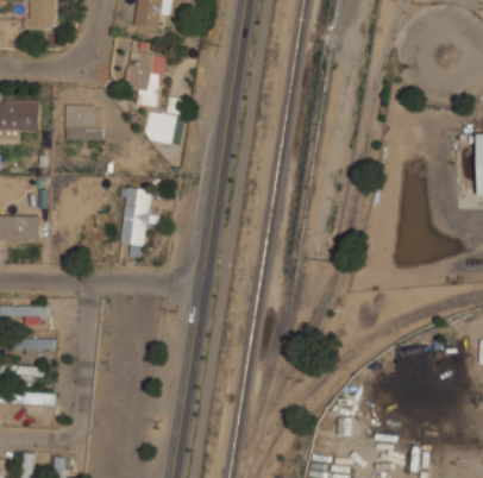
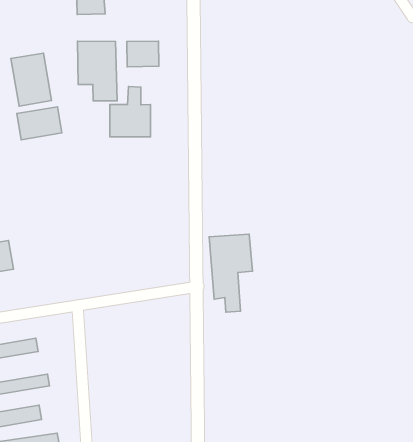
building: none -> [11,53,52,106]
building: none -> [127,41,159,67]
building: [120,188,161,258] -> [209,234,253,312]

